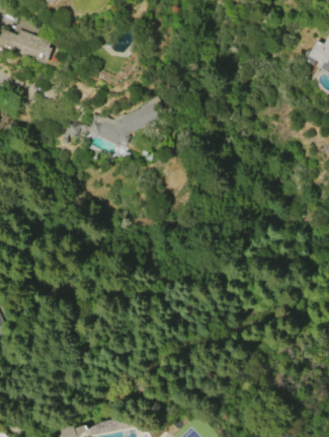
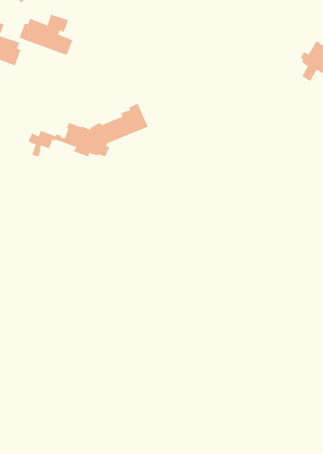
building: none -> [19,14,73,56]

